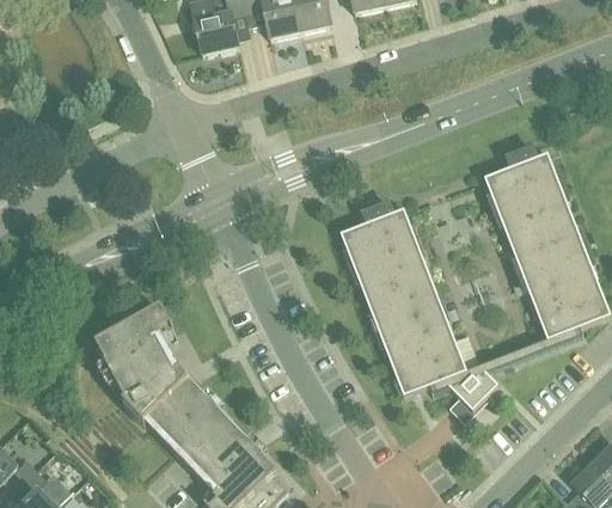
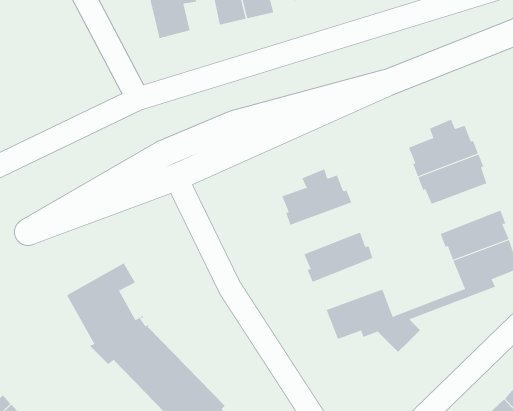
building: [510,219,589,276] -> none
building: [350,240,430,299] -> none
building: [375,304,455,362] -> none

